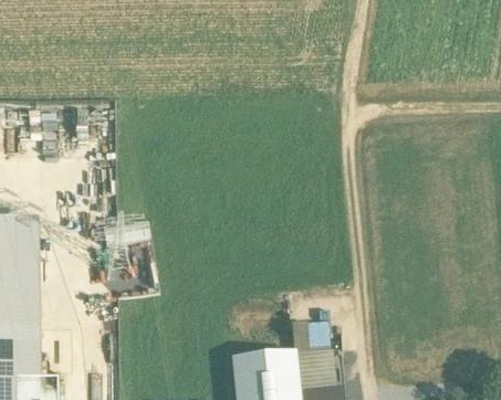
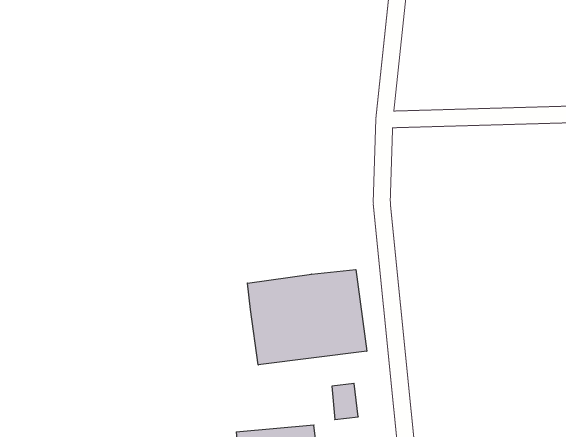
building: none -> [247,270,367,365]

